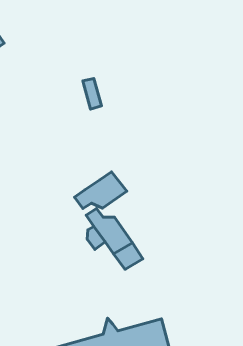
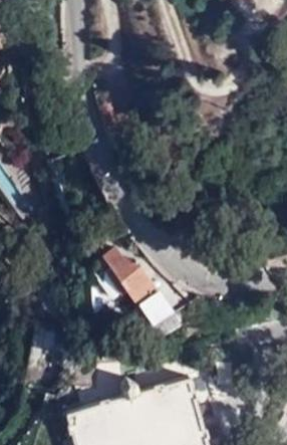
building: [74,172,127,209] -> none

